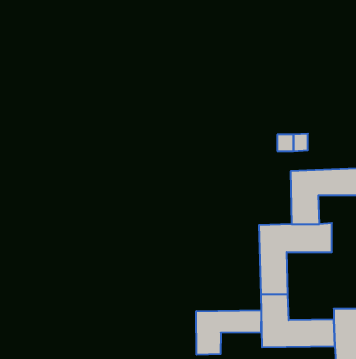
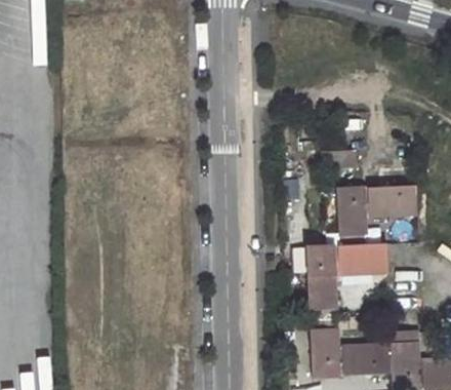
building: [196,310,261,355] -> none

